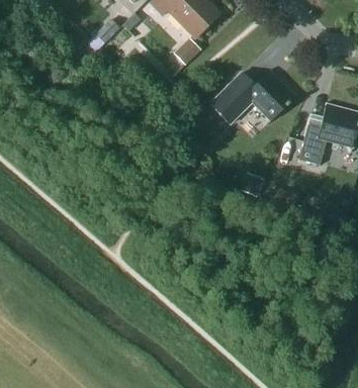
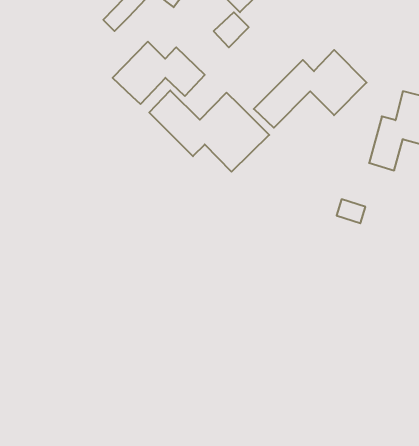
building: none -> [113,42,205,104]
building: none -> [149,90,269,172]

